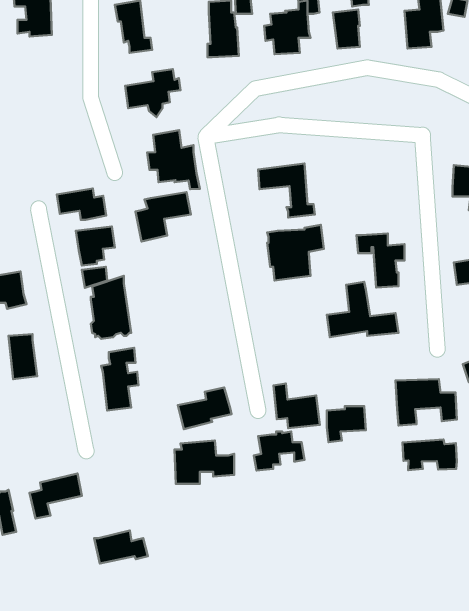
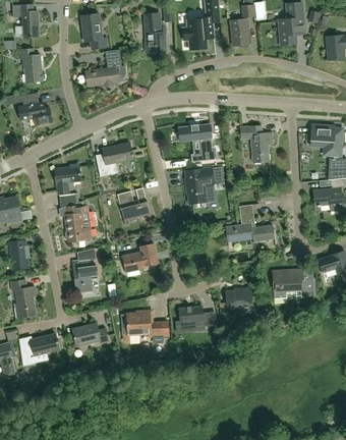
building: none -> [20,47,45,81]
building: [147,130,200,189] -> none
building: [57,188,106,220] -> [18,102,52,123]
building: [357,234,404,288] -> [240,125,273,162]
building: none -> [118,189,151,223]
building: [273,384,320,428] -> none
building: [178,387,232,429] -> [122,243,159,272]
building: none -> [10,278,36,317]
building: [402,439,457,470] -> none
building: [94,531,148,563] -> [72,323,109,345]

